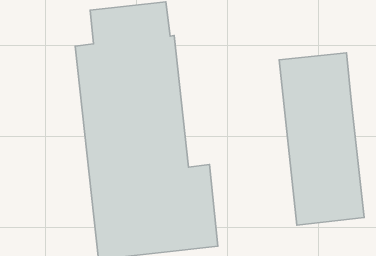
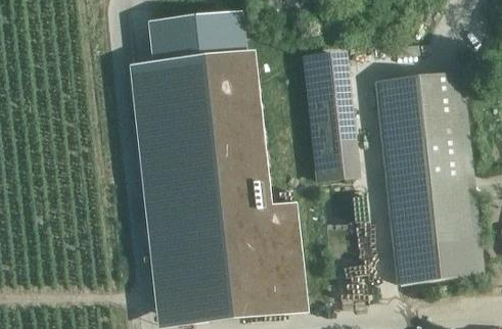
building: none -> [305,53,358,182]

